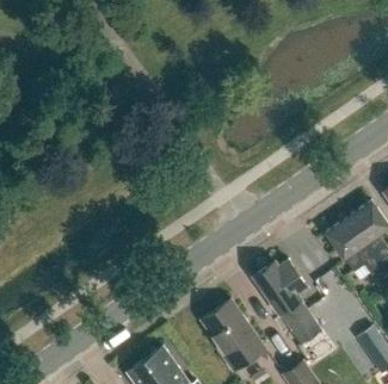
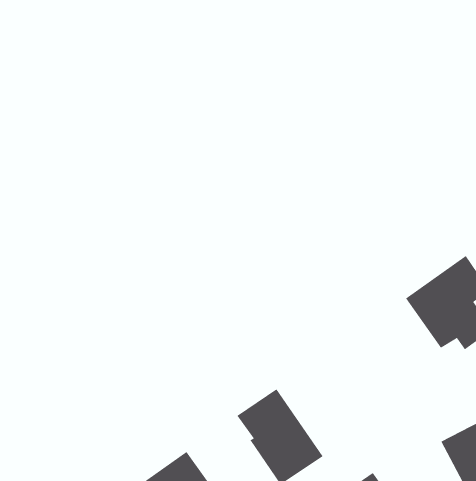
building: [253,259,321,345] -> none

